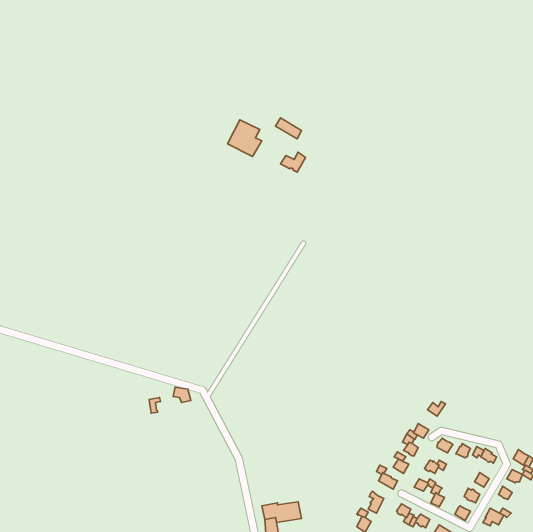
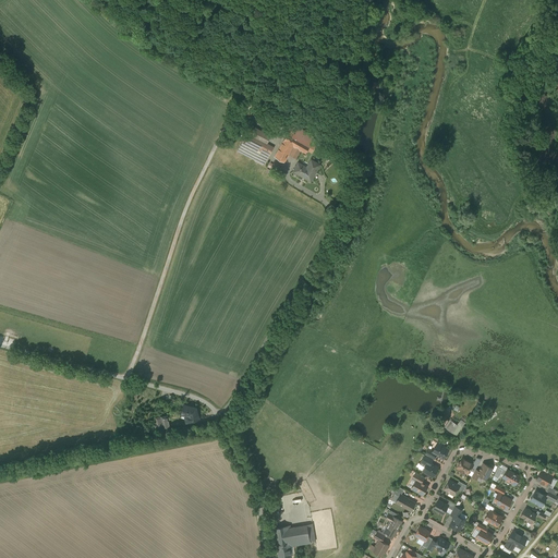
building: none -> [275,133,311,163]

